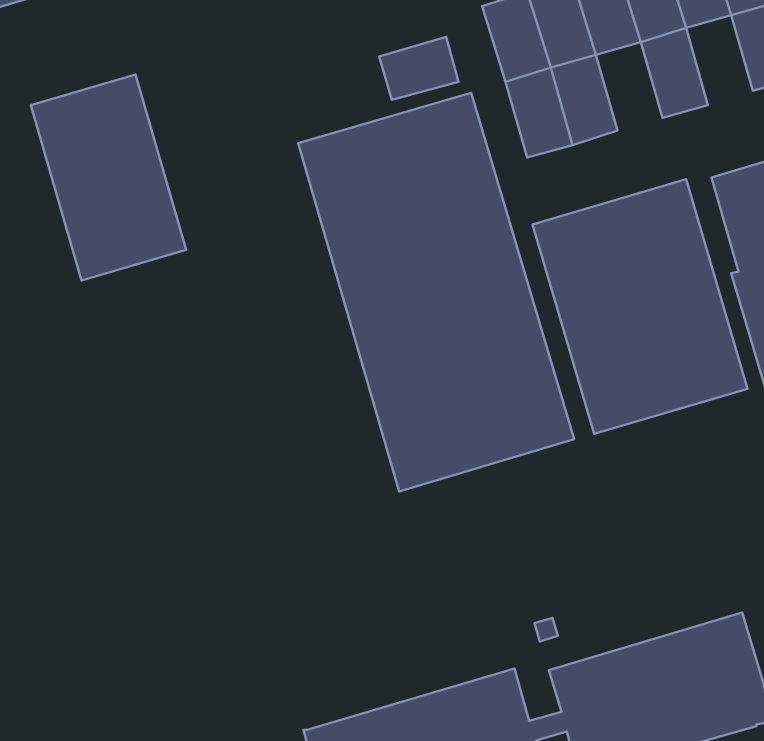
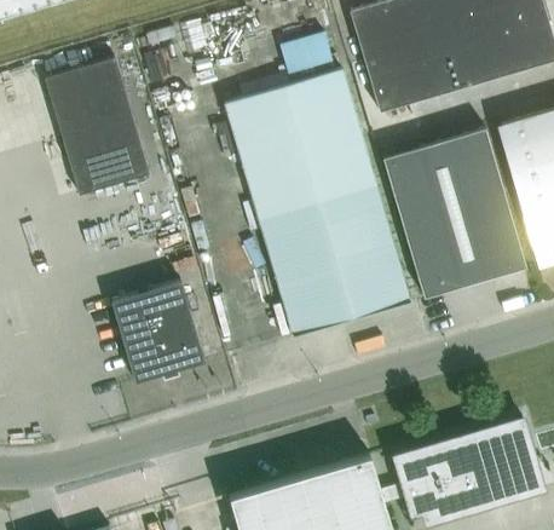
building: none -> [485,17,530,77]
building: none -> [425,35,469,94]
building: none -> [112,281,206,382]

